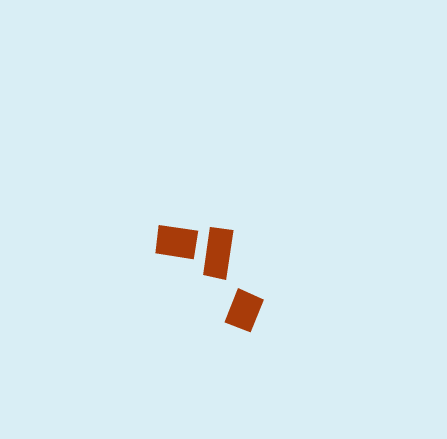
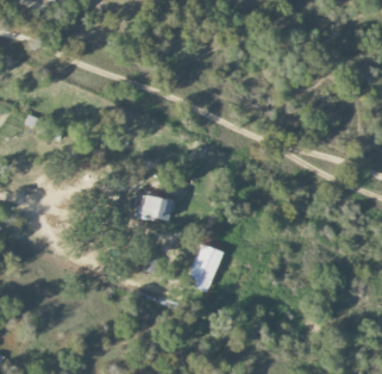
building: [202,226,234,281] -> none

